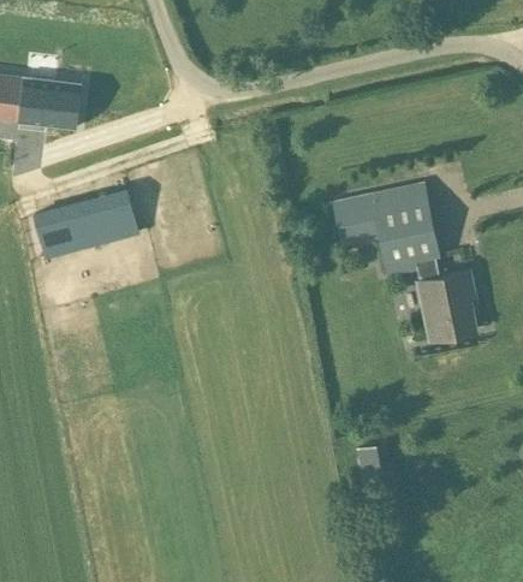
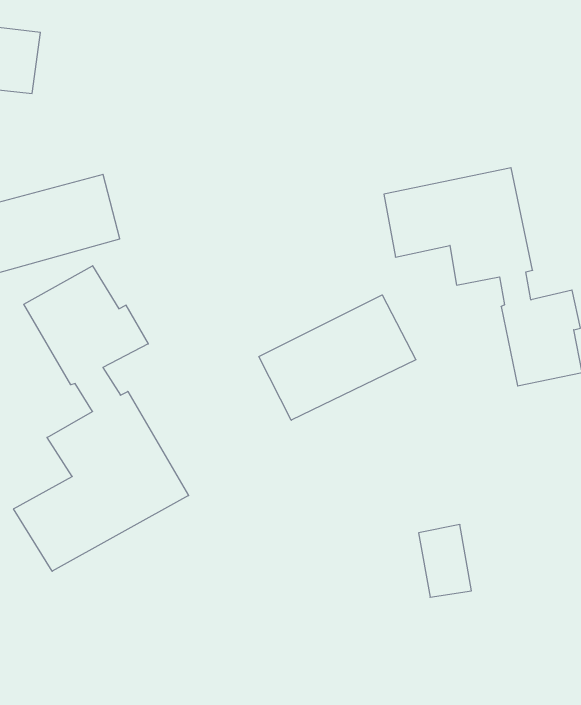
building: none -> [14,266,189,571]
building: none -> [259,295,416,420]

